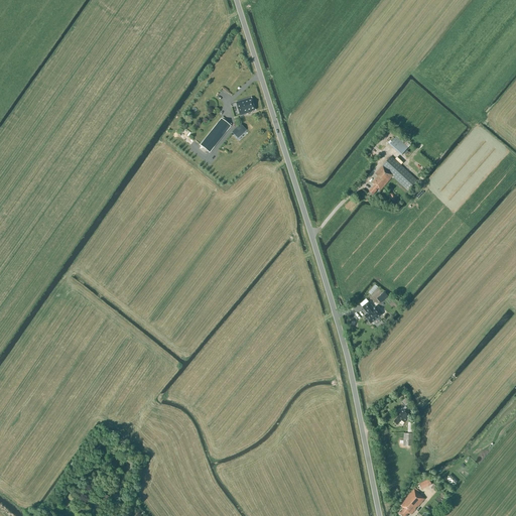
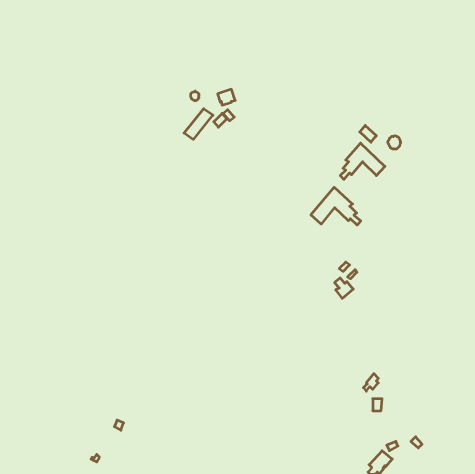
building: none -> [311,187,361,225]

